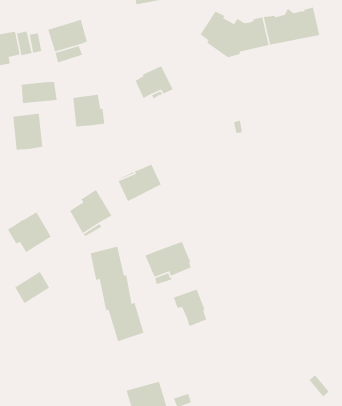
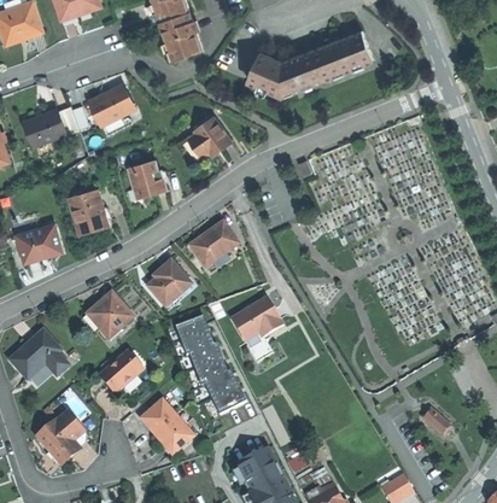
building: [21,81,57,104] -> none
building: [173,288,207,327] -> none
building: none -> [139,400,192,454]

